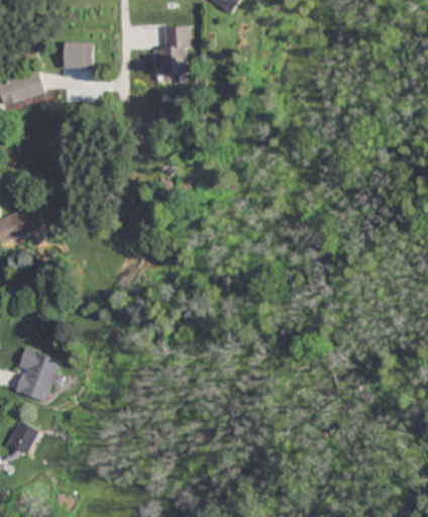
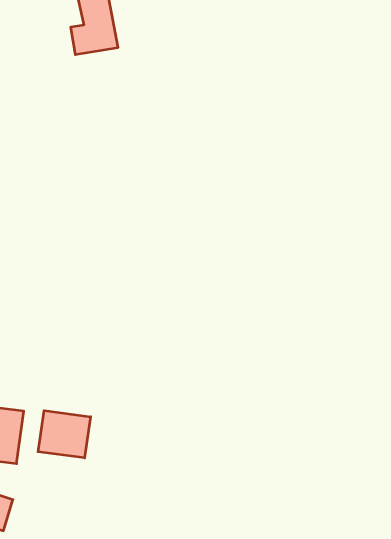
building: none -> [38,411,91,458]

